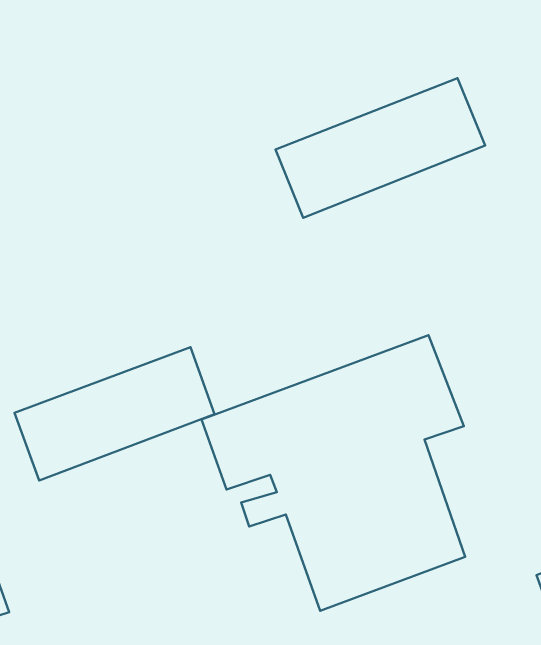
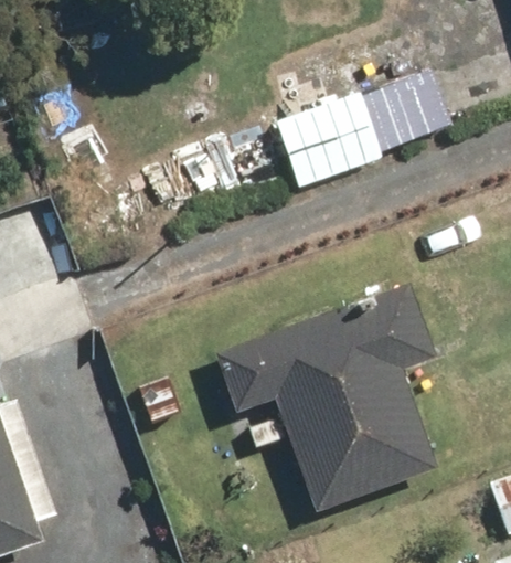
building: [14,347,214,481] -> none

